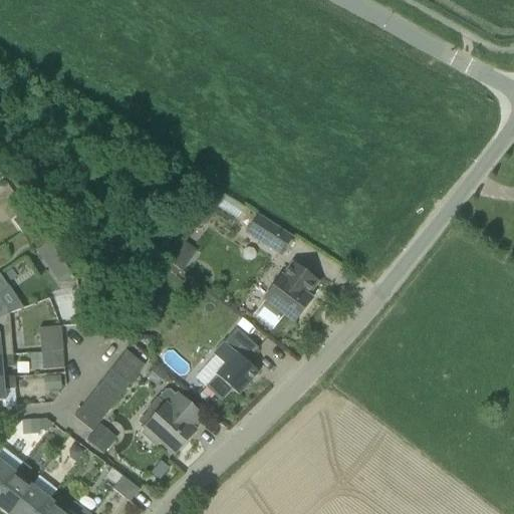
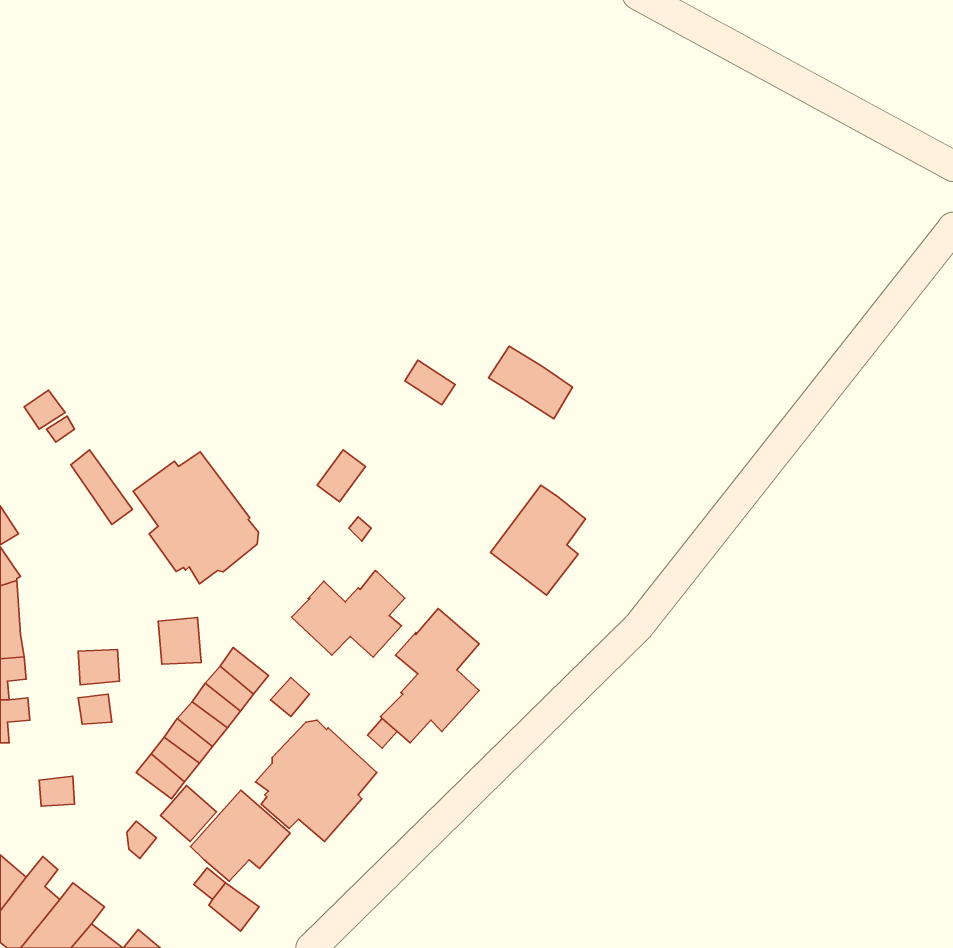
building: [246,214,291,253] -> [489,346,572,419]
building: none -> [133,452,258,584]
building: none -> [291,571,405,657]
building: [40,325,63,350] -> [158,618,201,664]
building: none -> [191,790,290,881]

